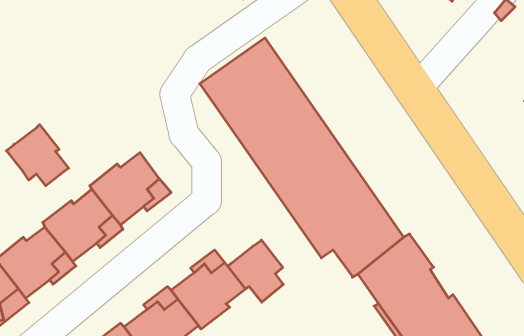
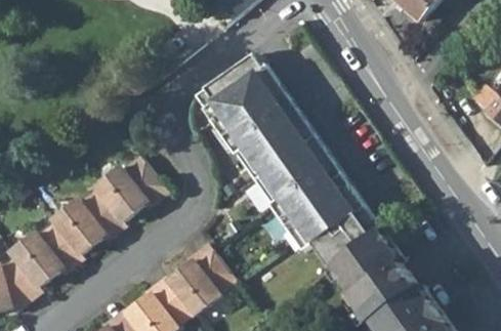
building: [6,125,69,186] -> none
building: [228,240,283,302] -> none

